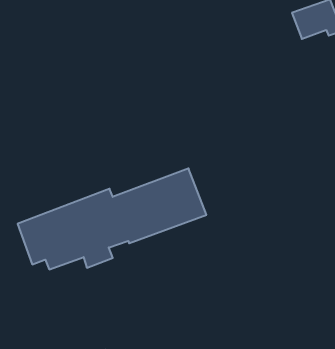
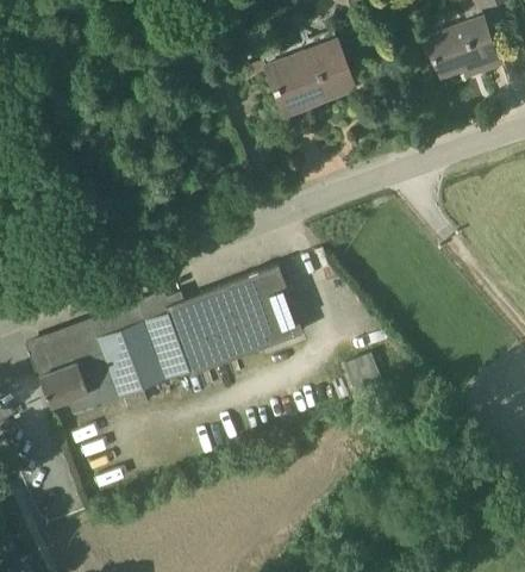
building: none -> [265,41,355,114]
building: none -> [344,354,381,392]

